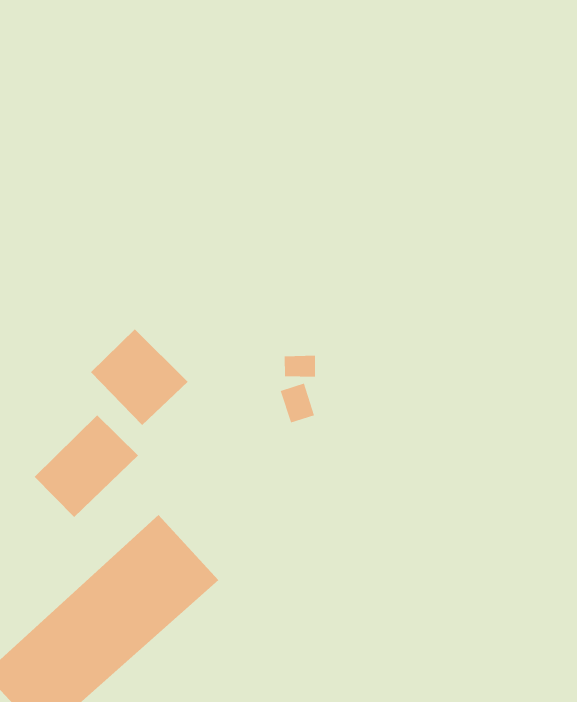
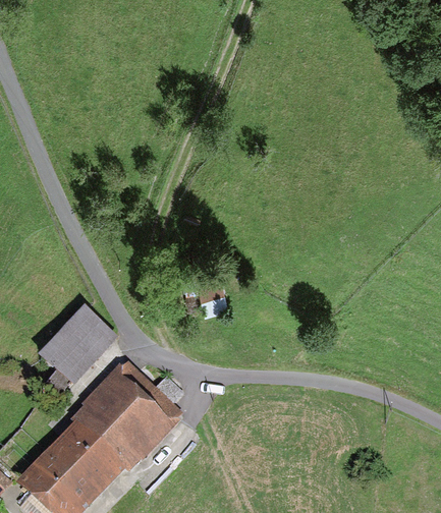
building: [90,328,188,426] -> none

